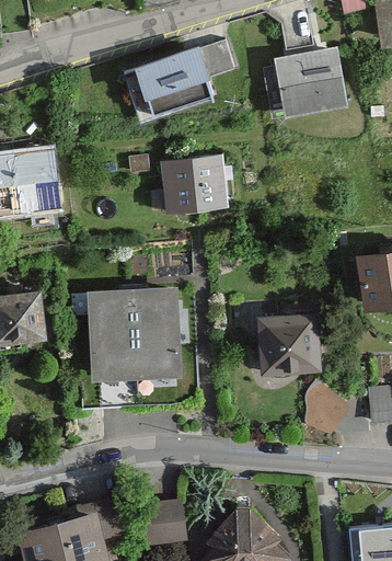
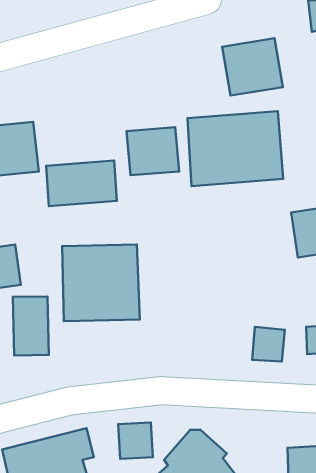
building: [137,44,234,114] -> none
building: none -> [188,111,283,186]
building: none -> [46,161,117,206]
building: [257,313,316,373] -> none
building: none -> [13,296,49,355]

